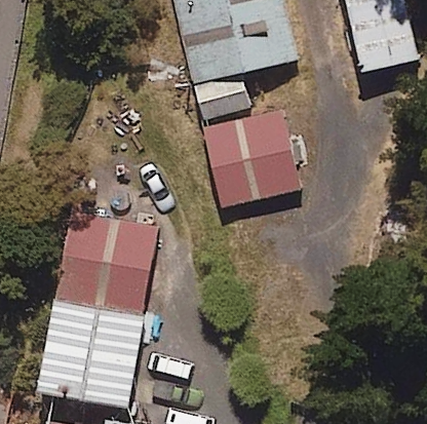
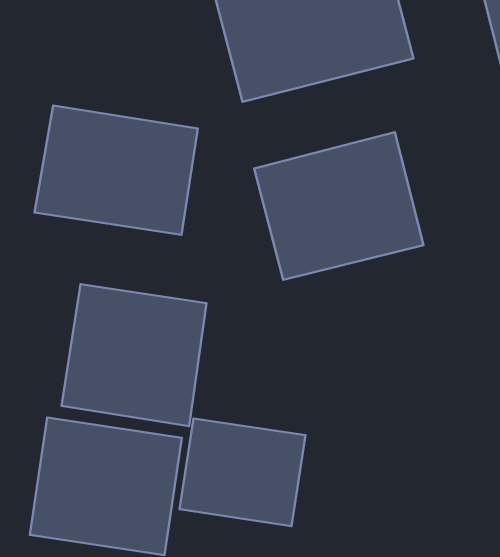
building: none -> [35,105,198,235]
building: none -> [180,418,306,526]

